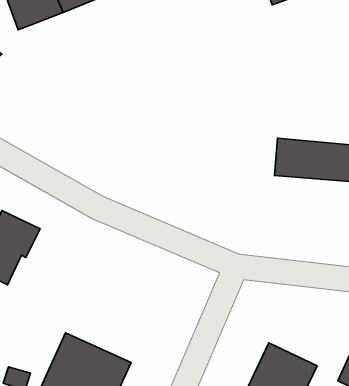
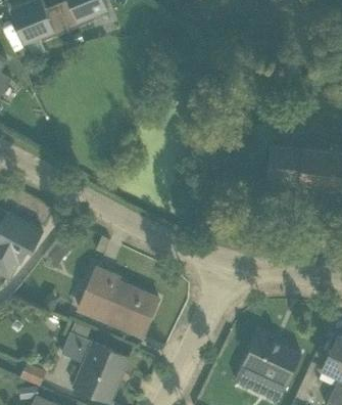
building: none -> [82,269,158,333]

